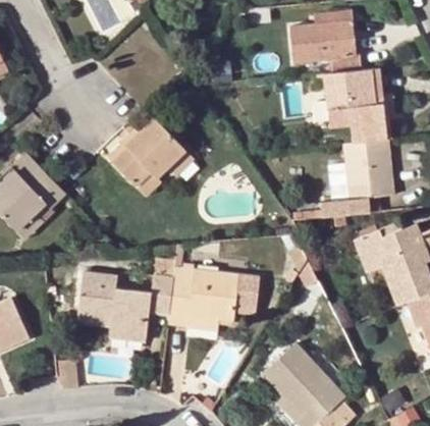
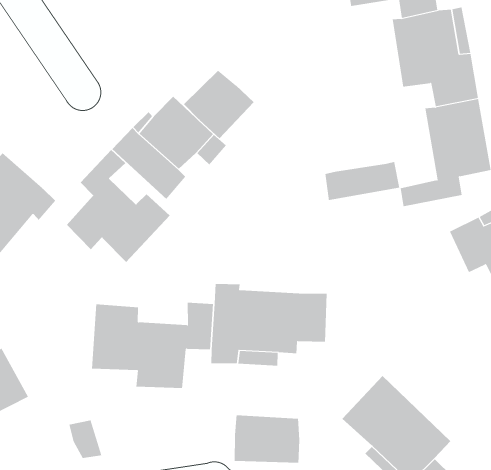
building: none -> [183,70,254,139]
building: none -> [66,149,171,263]
building: none -> [325,161,400,201]
building: none -> [234,414,300,464]

